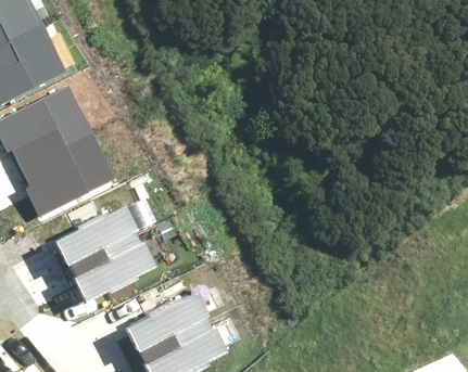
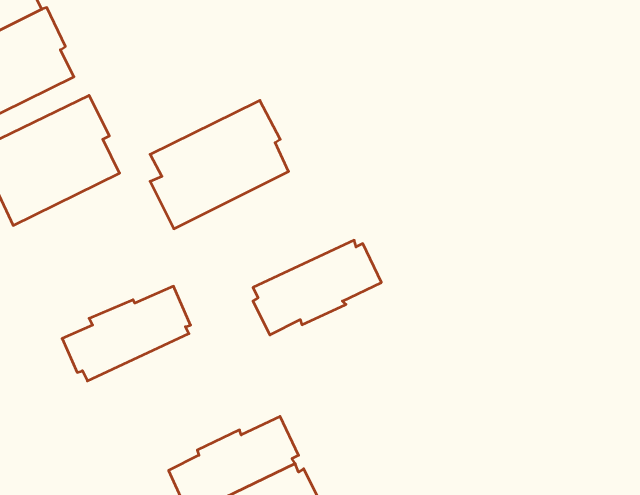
building: [23,134,112,217] -> [150,100,289,229]
building: [71,239,153,299] -> [253,240,381,335]

